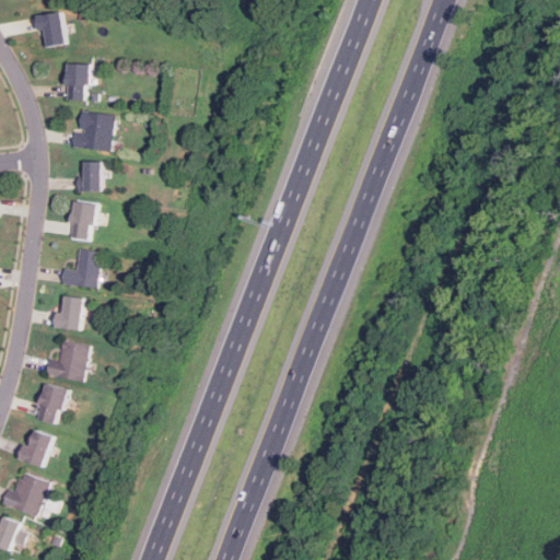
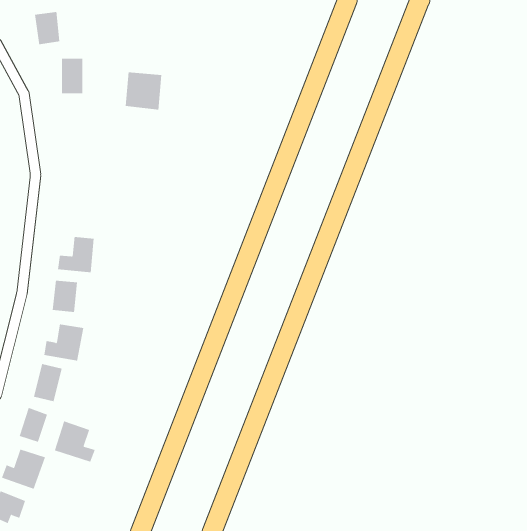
building: [73,110,113,151] -> [125,72,162,110]
building: [80,161,101,191] -> none
building: [68,201,95,240] -> none
building: none -> [54,421,95,462]

